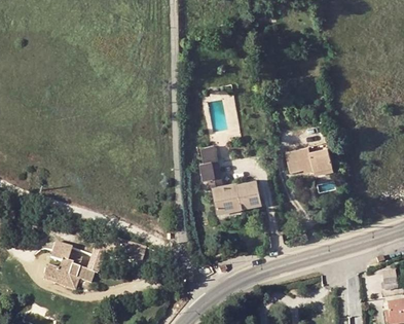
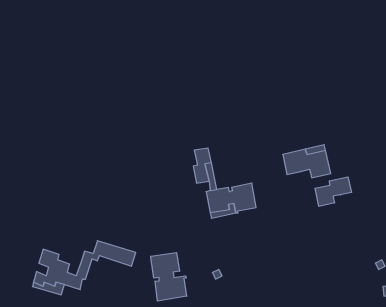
building: none -> [315,177,352,206]
building: none -> [151,253,187,301]

